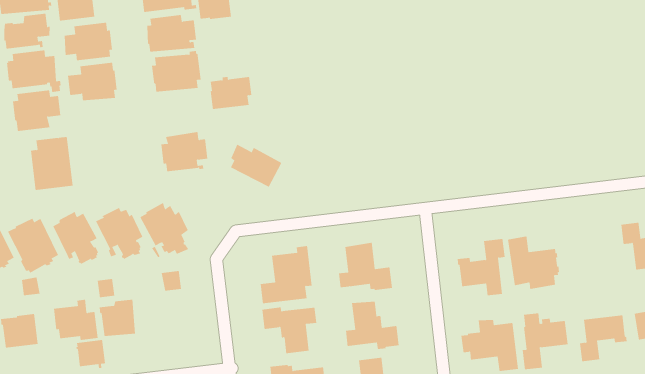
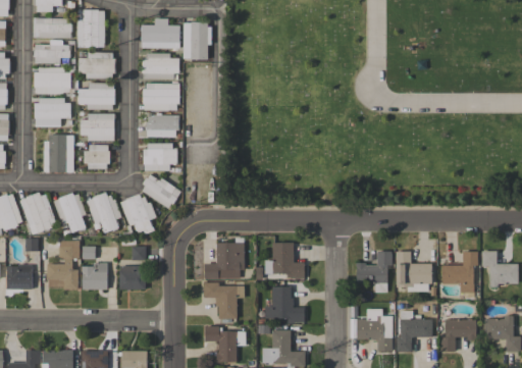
building: [210,77,252,110] -> [147,113,178,137]
building: none -> [81,111,115,141]
building: [230,144,282,187] -> [142,173,181,209]
building: none -> [84,145,110,169]
building: none -> [443,251,478,293]
building: none -> [119,265,146,286]
building: [75,340,106,369] -> [58,240,80,261]

